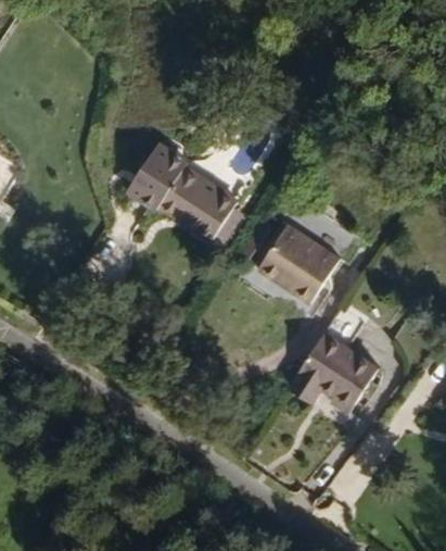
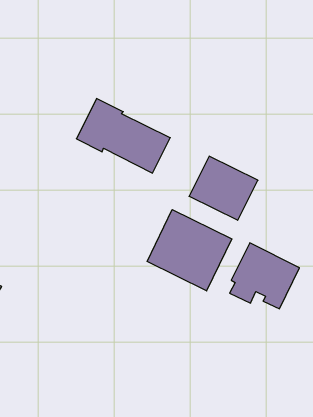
building: none -> [147,210,232,291]

